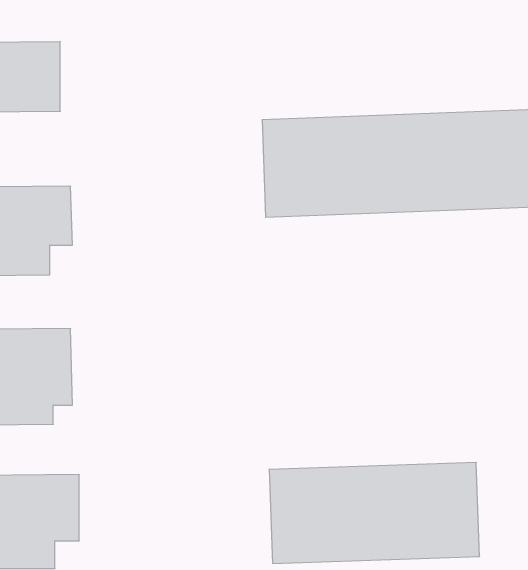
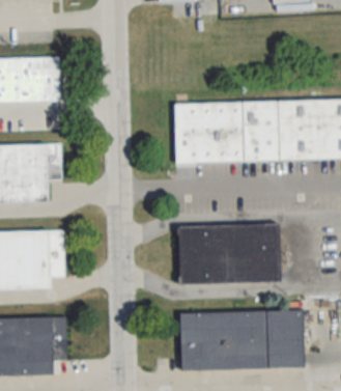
building: none -> [180,223,282,283]

